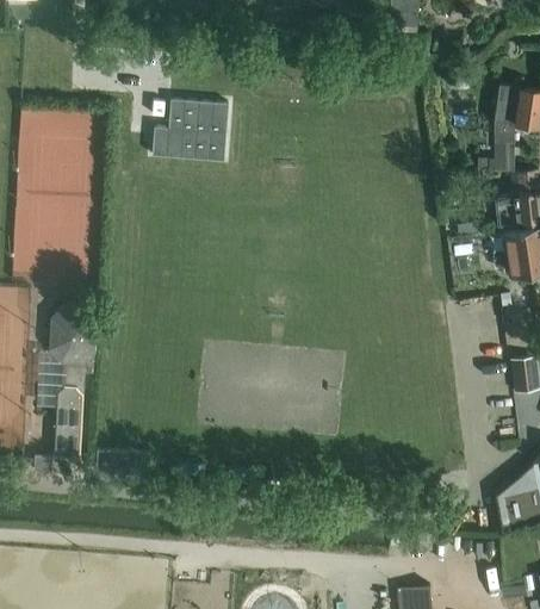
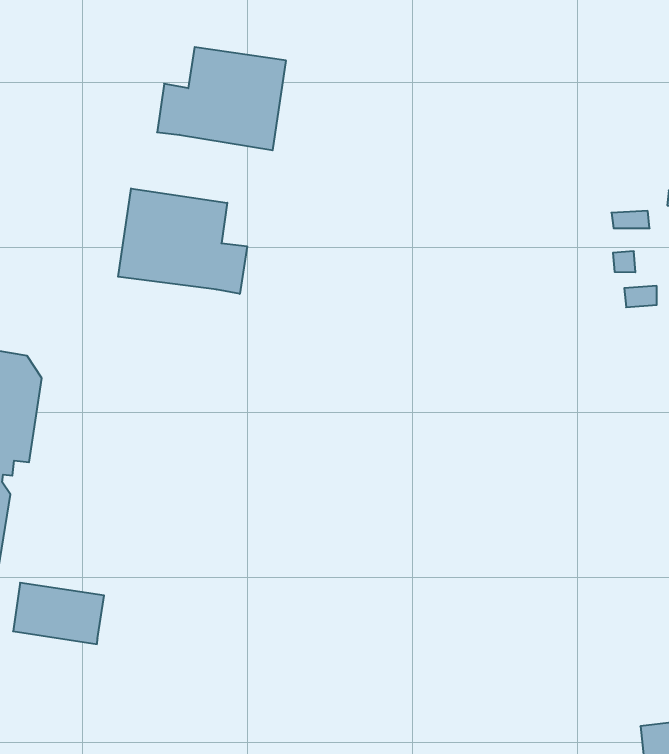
building: none -> [118,188,247,294]

